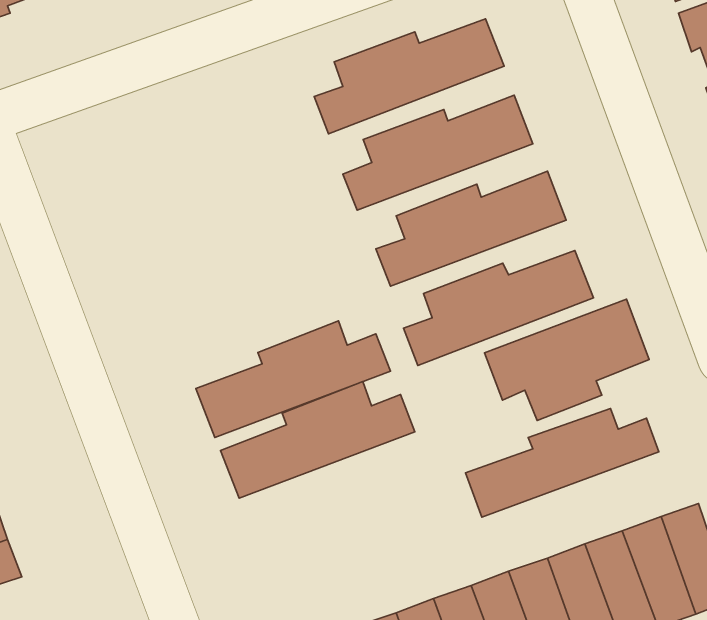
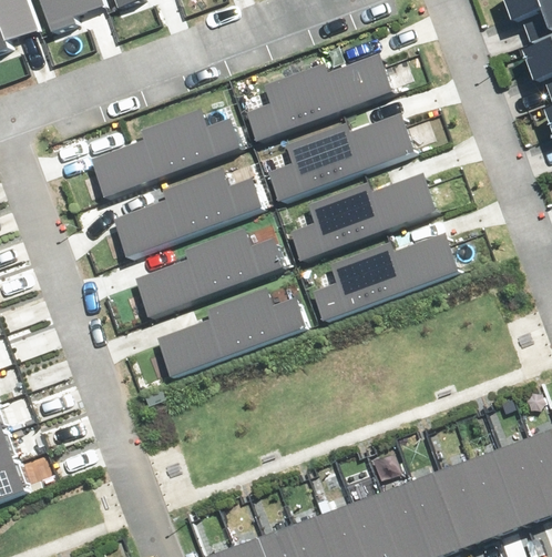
building: none -> [93,111,243,201]
building: none -> [114,170,264,260]
building: [484,299,649,421] -> none
building: [220,382,415,498] -> [136,227,286,317]
building: [466,408,659,517] -> none

